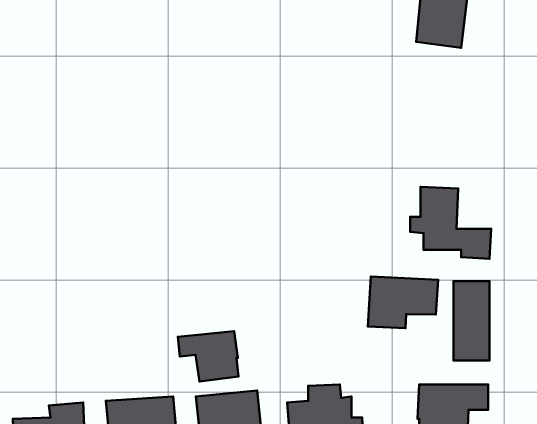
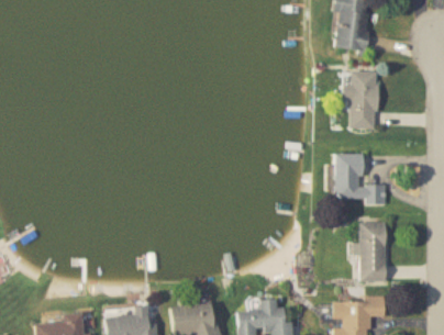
building: none -> [343,71,377,129]
building: [368,276,438,328] -> none
building: [178,331,238,381] -> none

